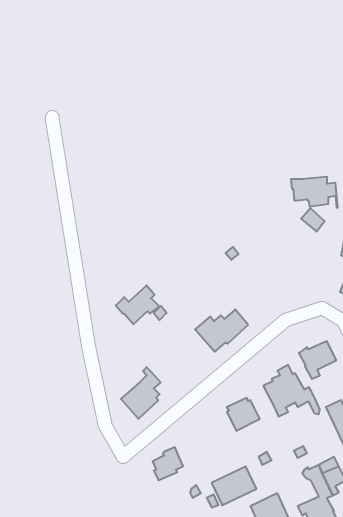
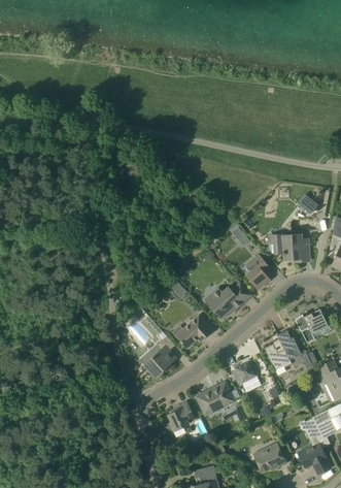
building: [291,177,338,208] -> [269,234,310,261]
building: none -> [246,255,270,290]
building: [116,285,159,324] -> [172,315,210,349]
building: [212,466,256,505] -> [196,382,235,416]

